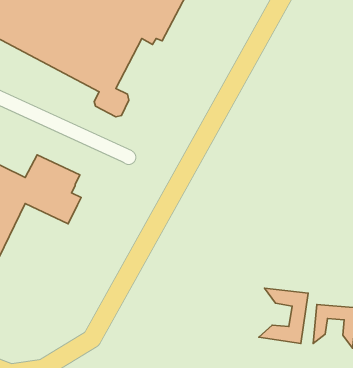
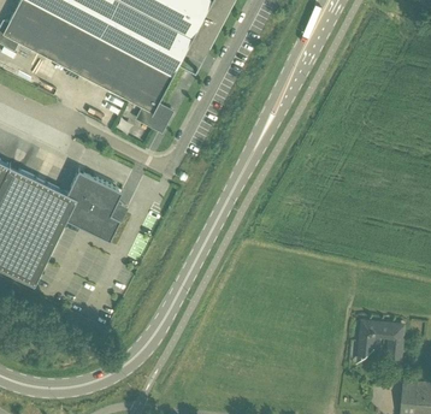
building: [259,288,308,343] -> none

